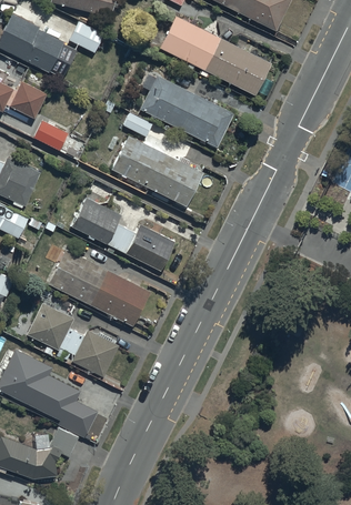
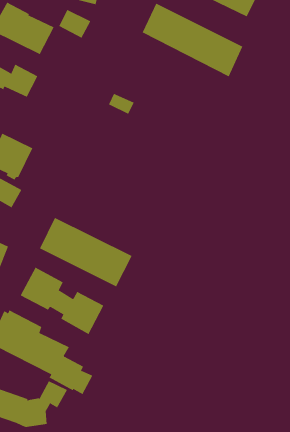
building: [140,73,234,148] -> none
building: [33,120,78,158] -> none
building: [111,133,203,206] -> none
building: [71,195,174,271] -> none

